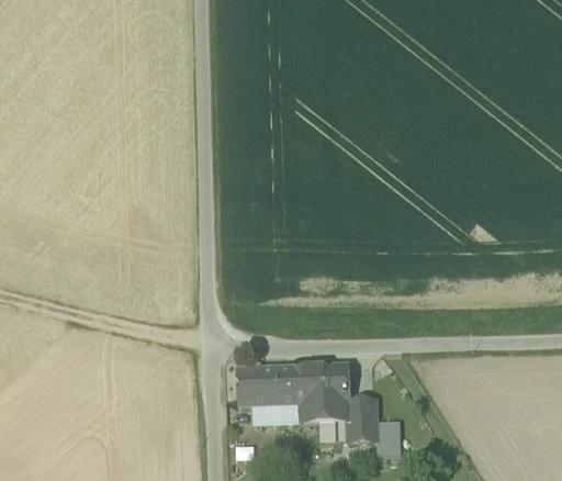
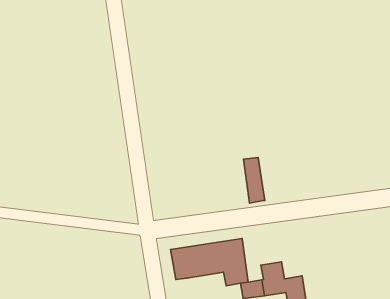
building: [329,363,350,420] -> [244,158,265,203]
building: [254,403,302,422] -> none

